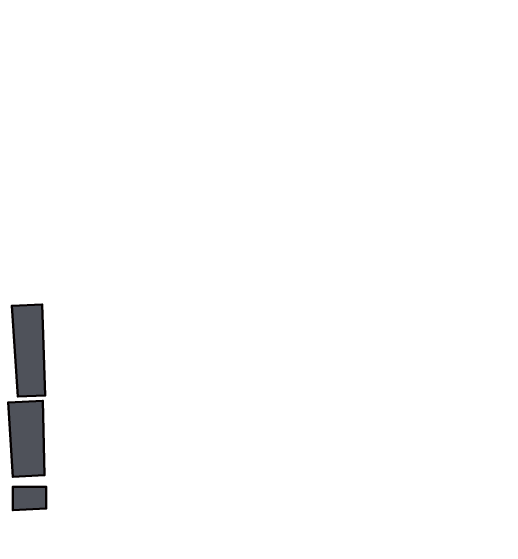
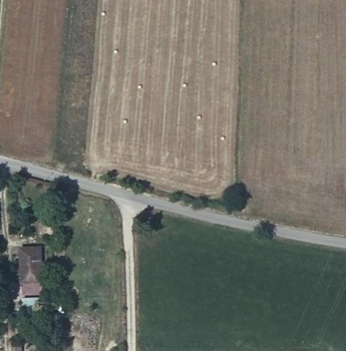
building: [12,304,45,396] -> none

